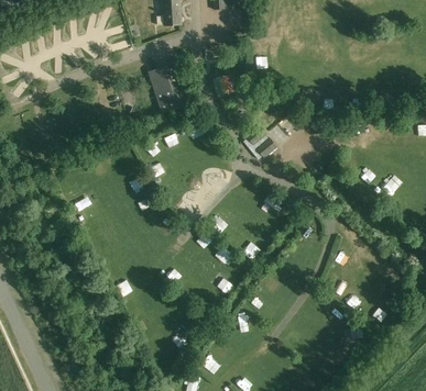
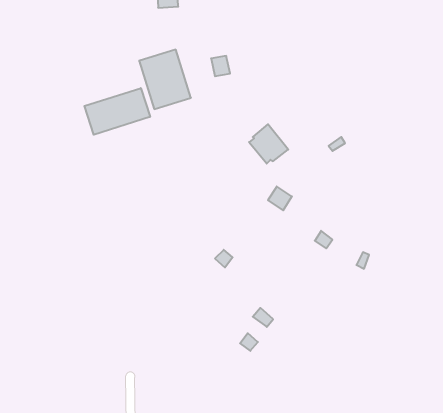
building: none -> [84,88,150,135]

